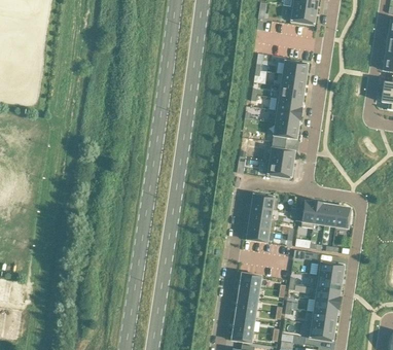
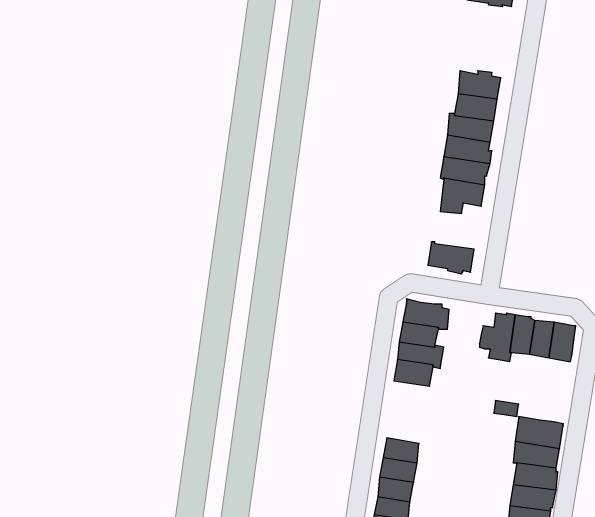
building: [270,142,294,164] -> none

